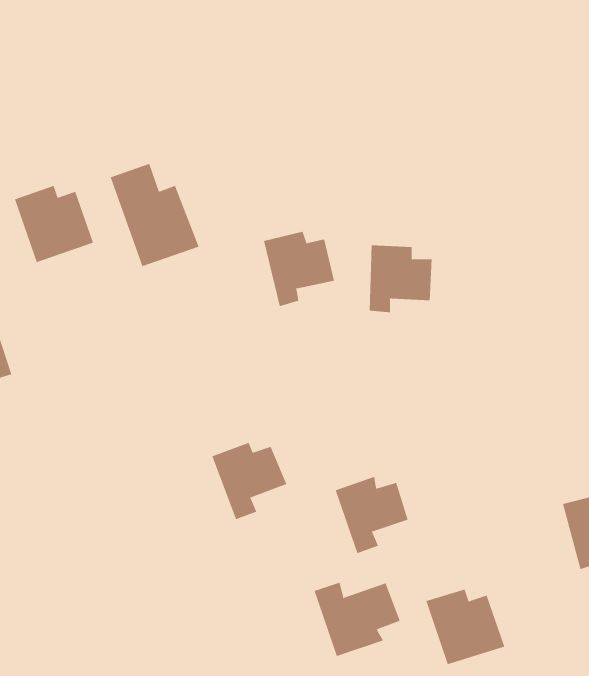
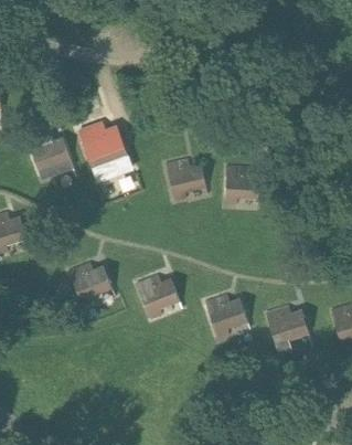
building: none -> [70,264,113,307]
building: [314,582,400,657] -> none
building: [425,589,505,665] -> [267,308,311,350]

